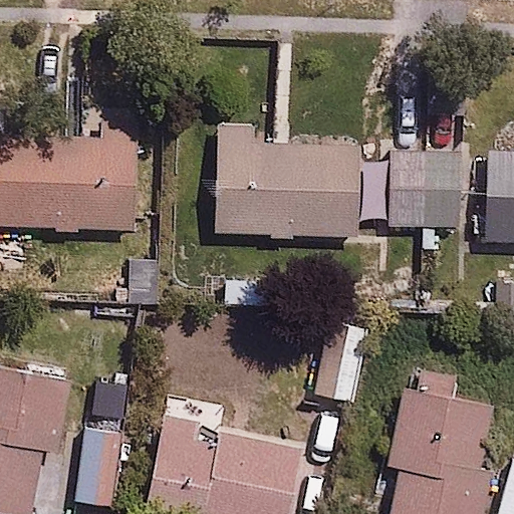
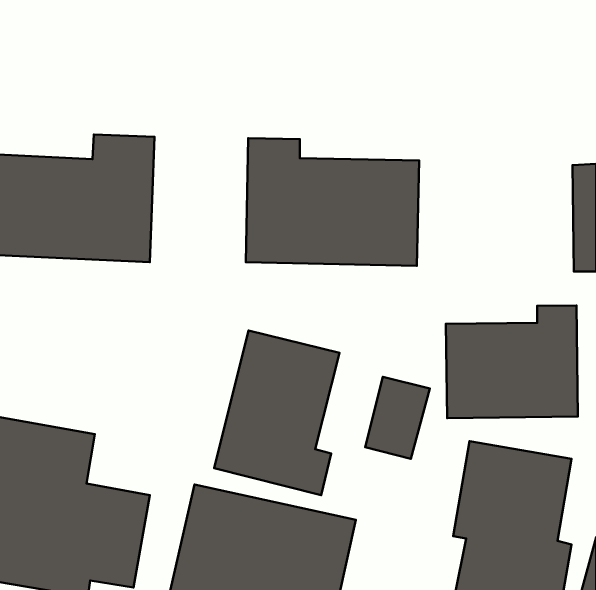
building: [389,149,462,228] -> none
building: none -> [446,305,578,418]
building: none -> [214,330,339,495]

